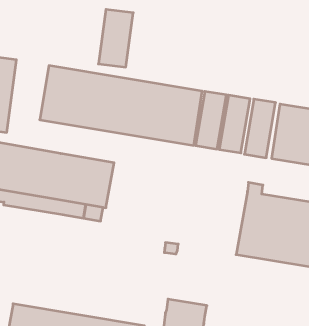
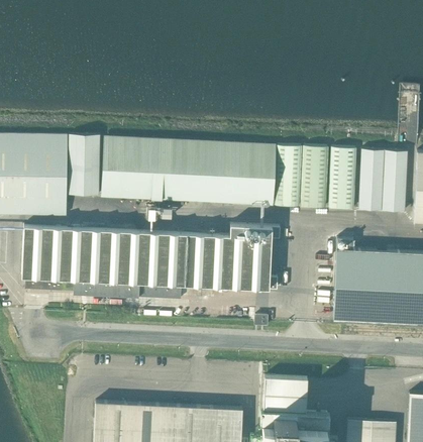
building: [98,9,133,67] -> [69,135,100,196]
building: none -> [185,225,281,290]

